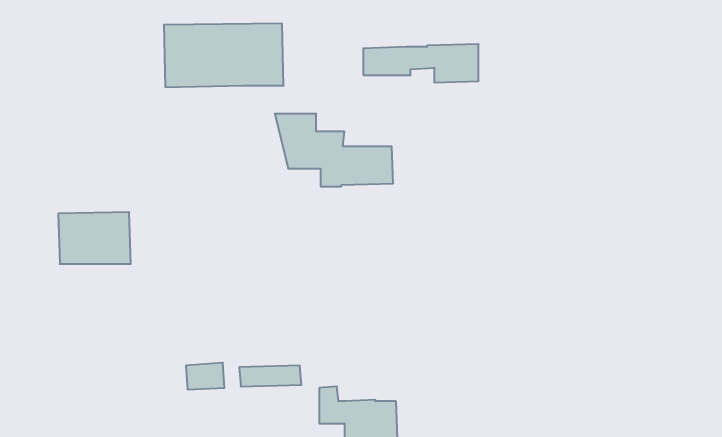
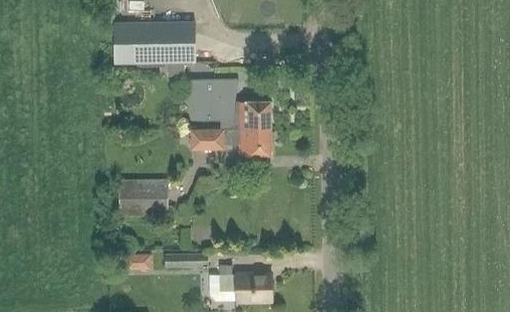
building: [363,44,479,83] -> [191,128,269,154]
building: [58,212,131,264] -> [118,181,168,216]

